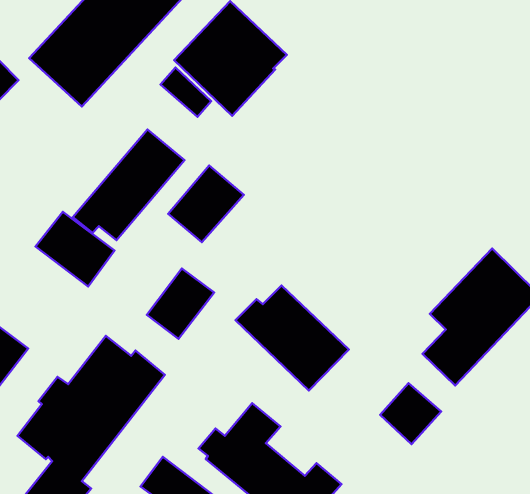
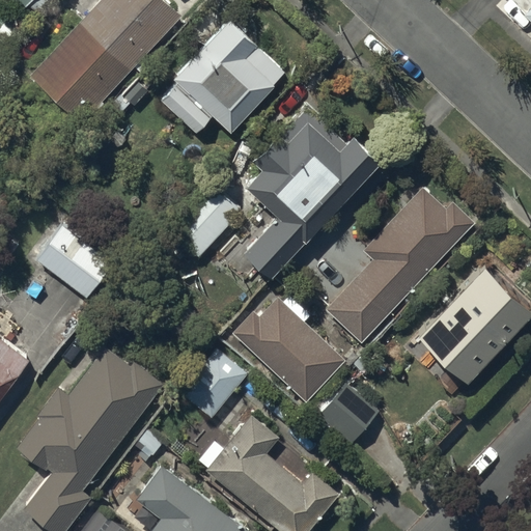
building: none -> [245,107,383,279]
building: [73,129,185,240] -> none
building: none -> [326,187,476,344]
building: [147,268,214,339] -> [180,348,247,418]
building: [380,383,441,444] -> [319,384,380,444]

